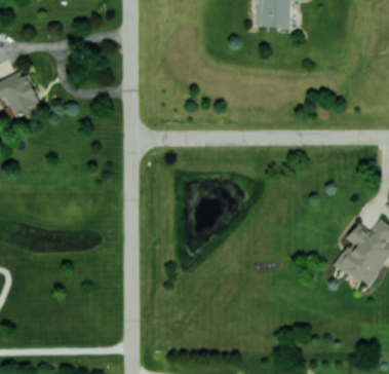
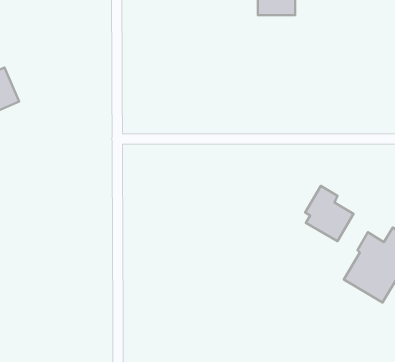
building: none -> [305,186,353,241]

